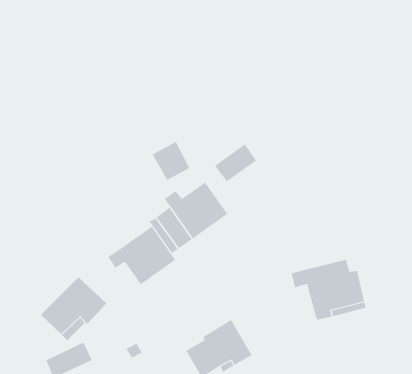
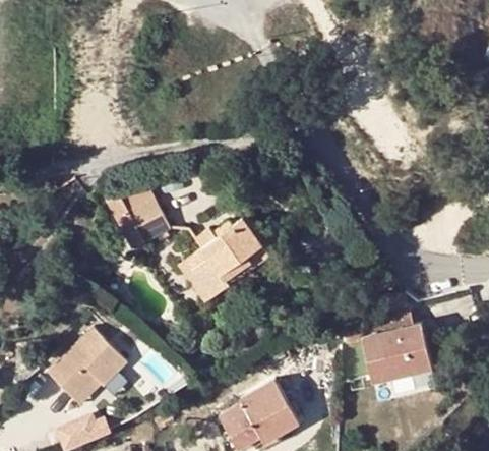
building: [152,141,190,180] -> [125,199,170,244]
building: [214,144,257,182] -> none
building: [107,226,176,285] -> none

